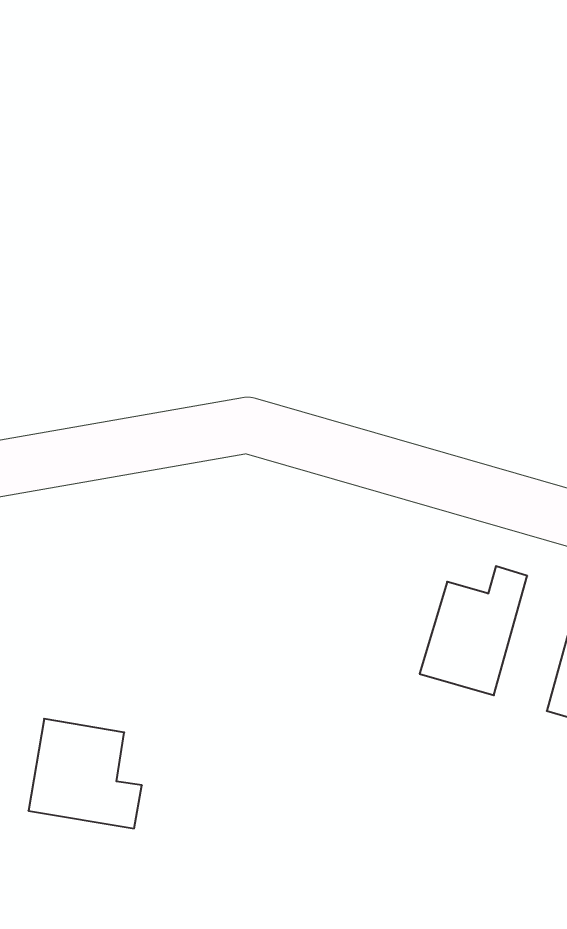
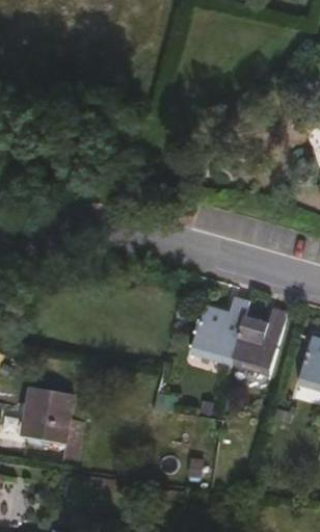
building: none -> [192,296,248,364]

